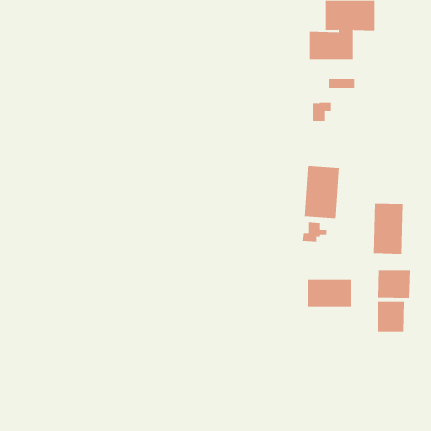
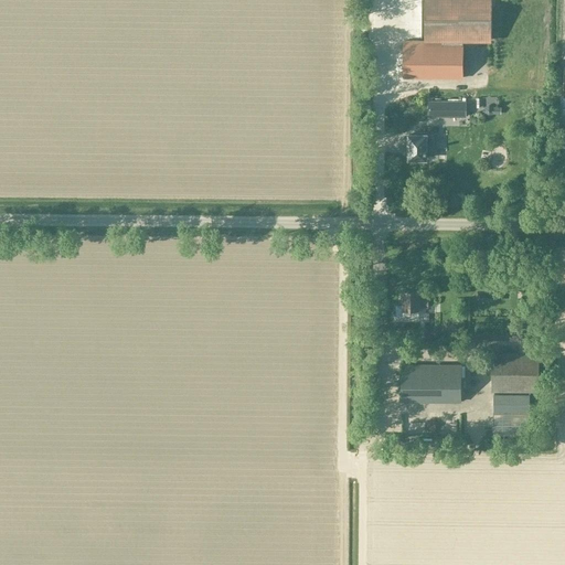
building: [304,165,339,219] -> none
building: [373,203,403,255] -> none

